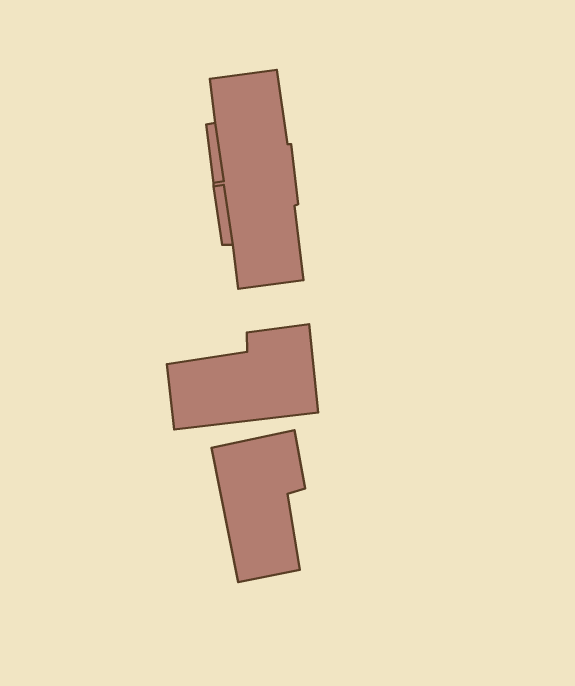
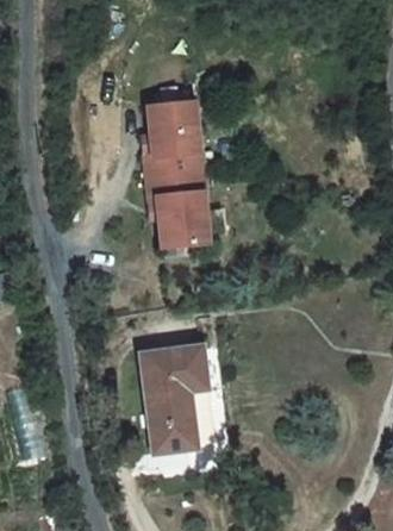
building: [167,324,318,429] -> none

